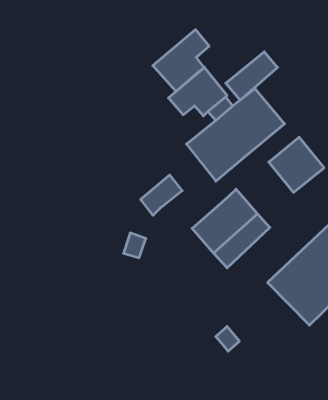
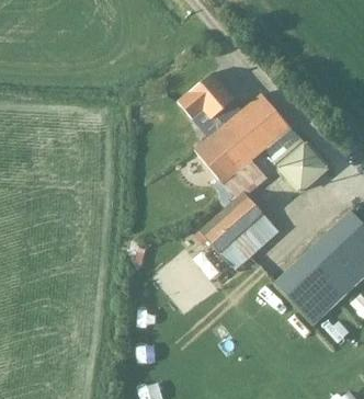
building: [153,30,209,91] -> none
building: [226,52,278,100] -> none
building: [141,175,182,215] -> [224,160,264,200]

